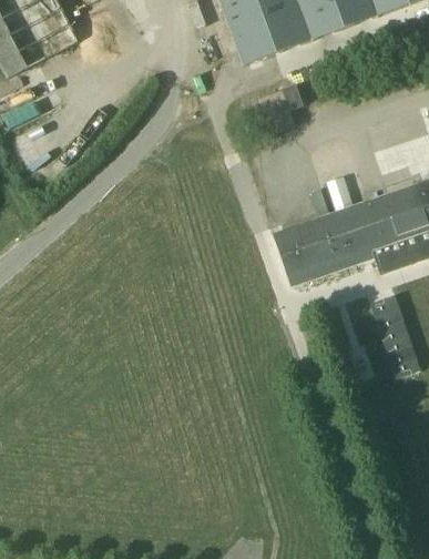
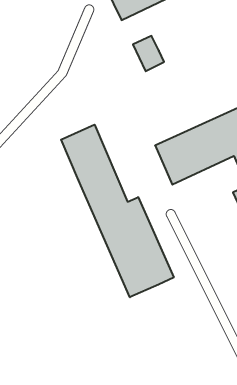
building: none -> [61,125,174,297]

